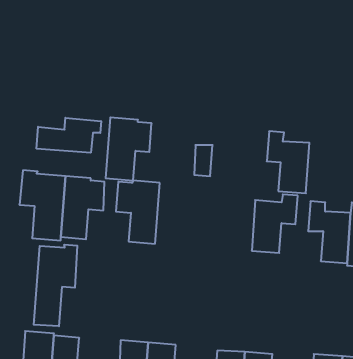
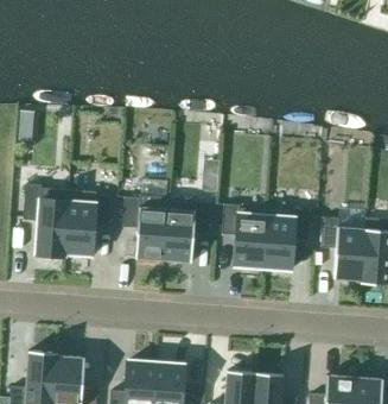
building: [106,117,152,181] -> [163,197,210,263]
building: [37,118,101,153] -> none
building: [267,131,309,193] -> [222,203,266,267]
building: [34,245,77,326] -> none

